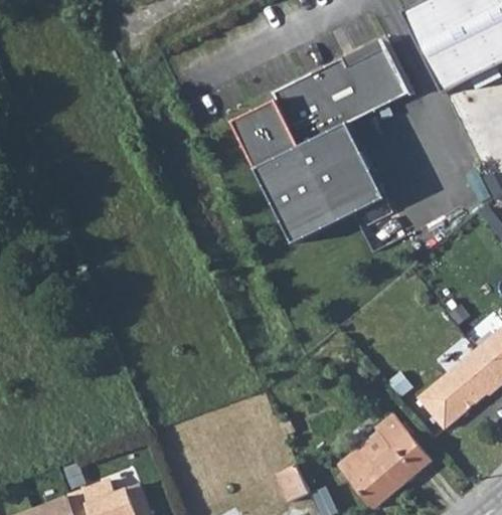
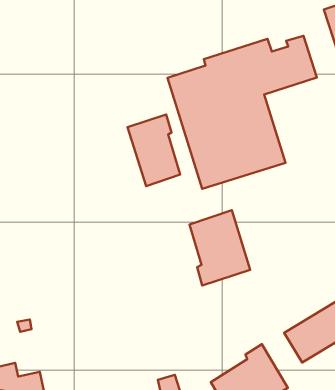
building: none -> [128,114,180,186]
building: none -> [189,210,250,285]

